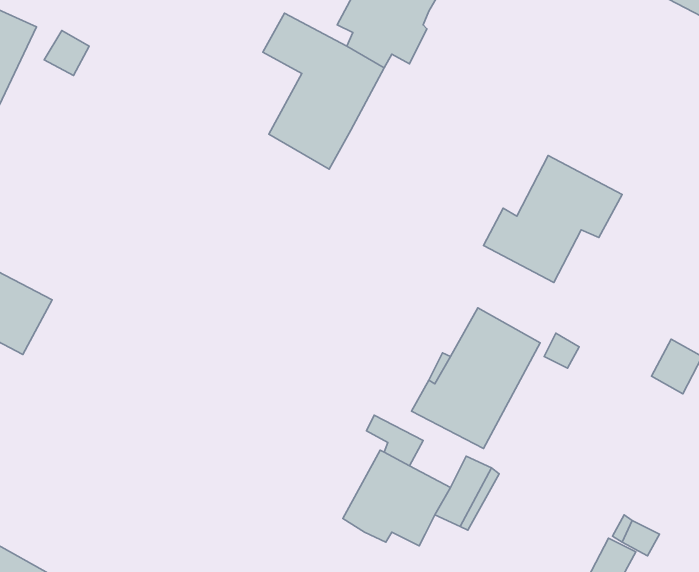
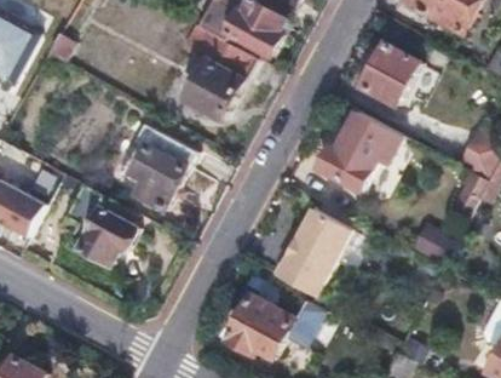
building: none -> [361,45,419,105]
building: none -> [126,126,192,211]
building: none -> [64,184,134,263]

